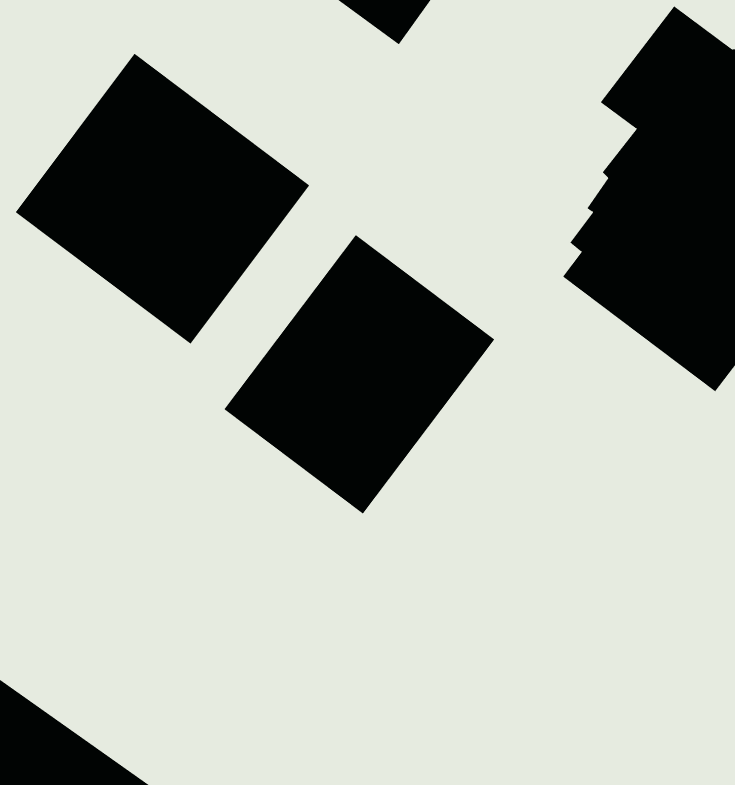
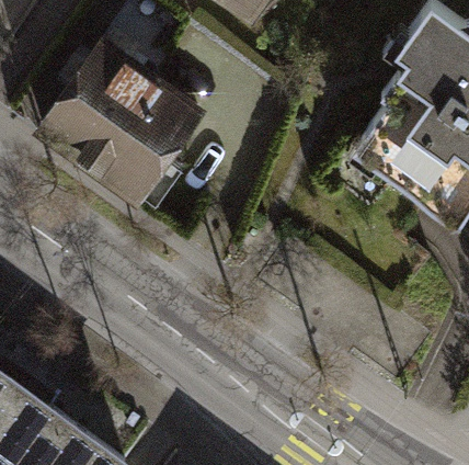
building: [224,234,495,515] -> none

